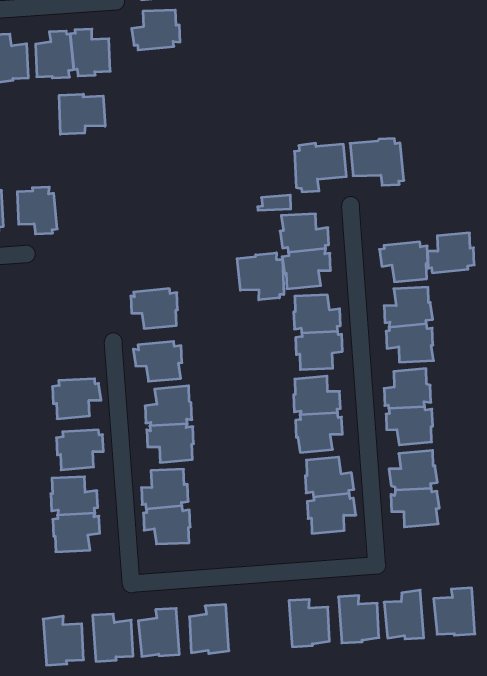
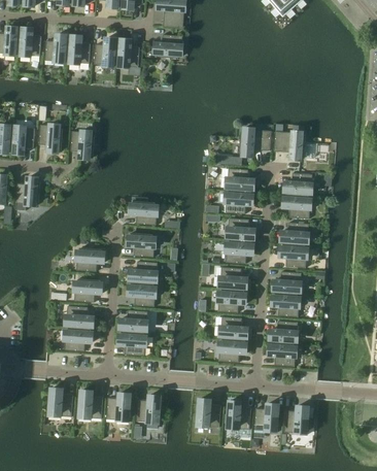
building: [59,94,105,134] -> none
building: [427,233,474,273] -> [284,172,313,195]
building: [237,253,284,300] -> none

